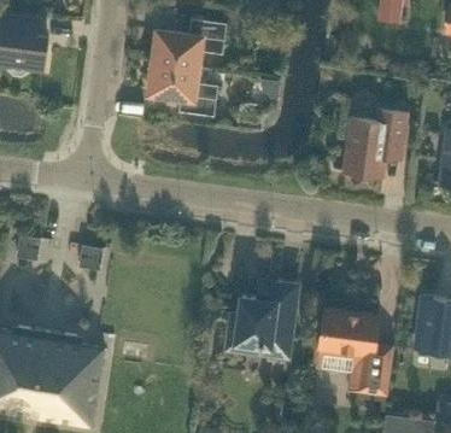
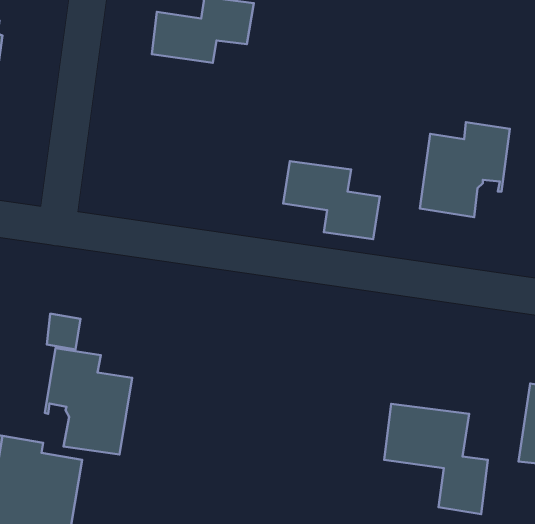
building: [148,60,217,116] -> [283,161,380,239]
building: none -> [45,348,132,455]
building: [226,282,297,364] -> none

